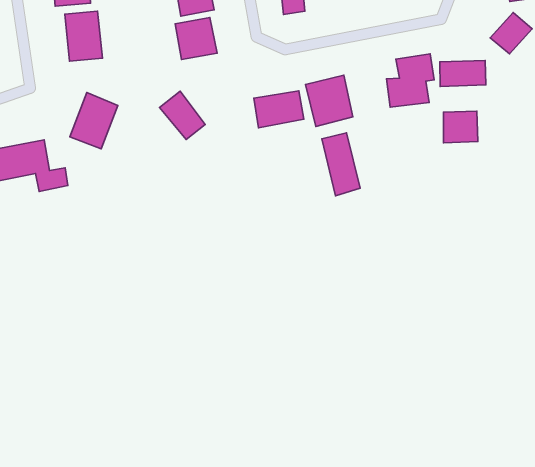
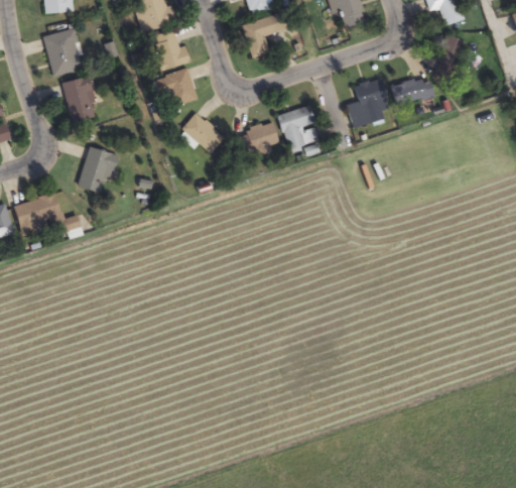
building: [160,91,205,140] -> [181,112,223,153]
building: [444,111,478,143] -> none
building: [322,133,360,196] -> none

